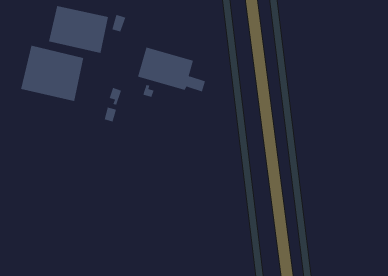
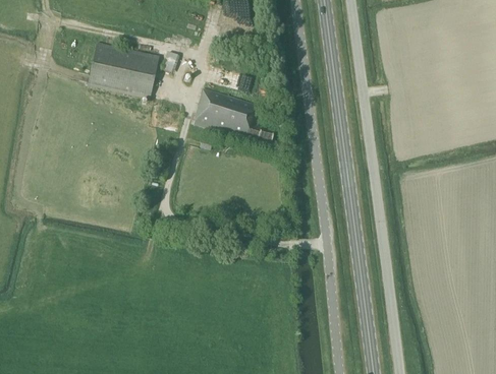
building: [21,45,84,102] -> none

